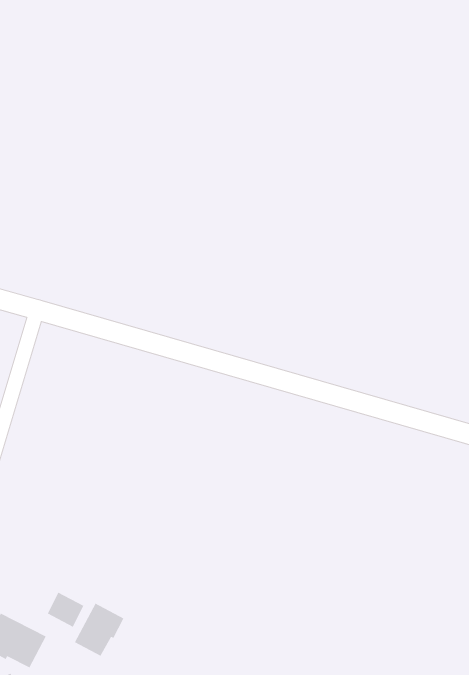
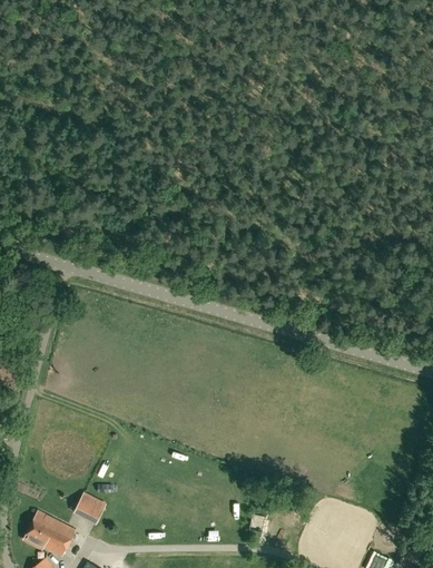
building: [74,602,125,657] -> none

